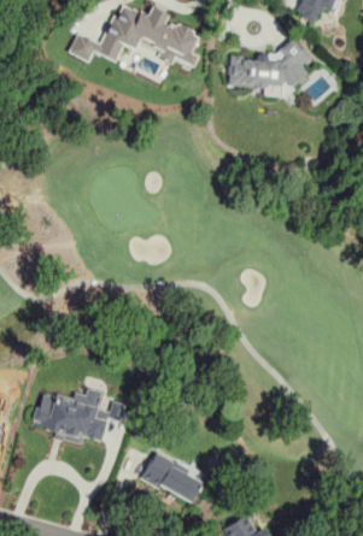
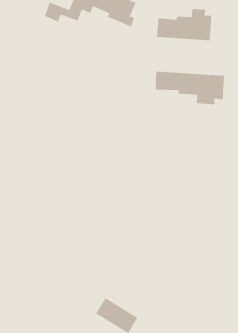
building: none -> [155,71,225,105]
building: [34,387,124,446] -> none

